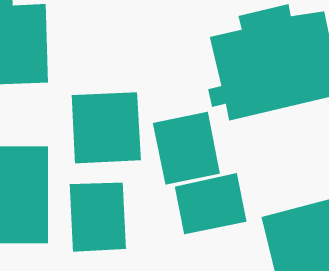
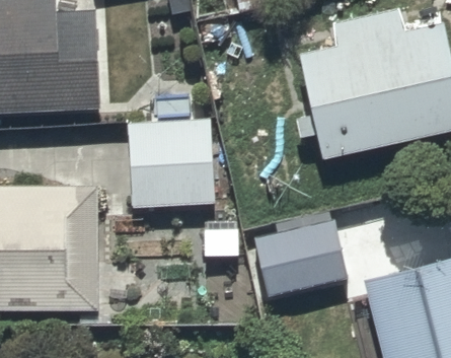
building: [152,111,221,186] -> none
building: [69,182,127,252] -> none

